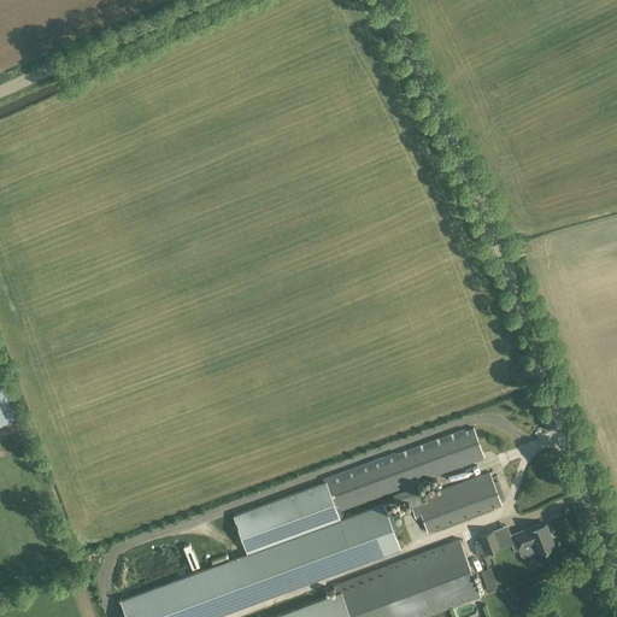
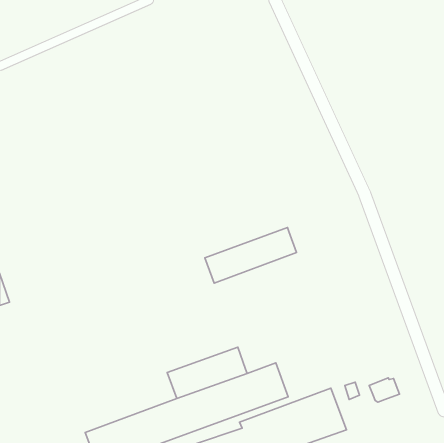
building: none -> [205,227,297,283]
building: [329,430,500,534] -> none

